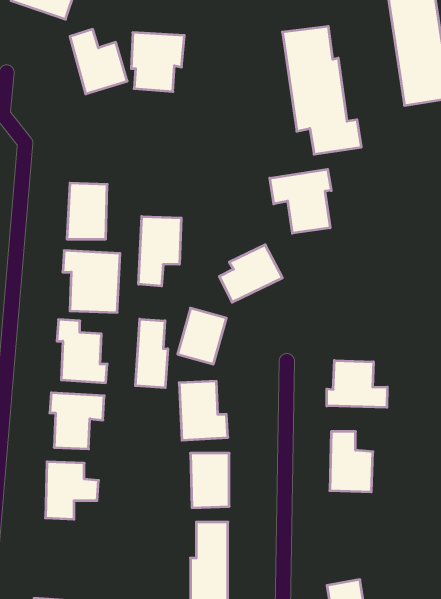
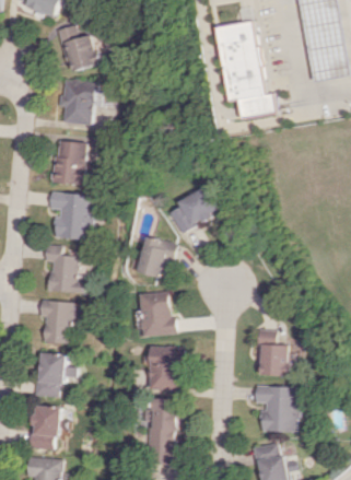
building: [131,33,184,92] -> [60,80,101,125]
building: [270,169,331,233] -> none
building: [139,216,181,286] -> none
building: [135,319,168,388] -> none
building: [327,360,387,407] -> none
building: none -> [251,386,293,432]
building: none -> [32,406,62,449]

